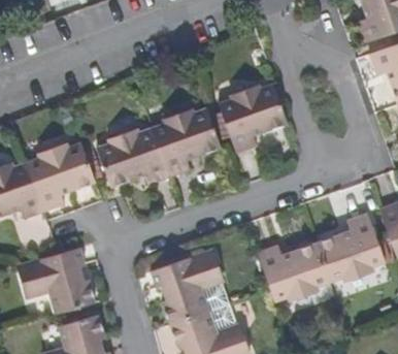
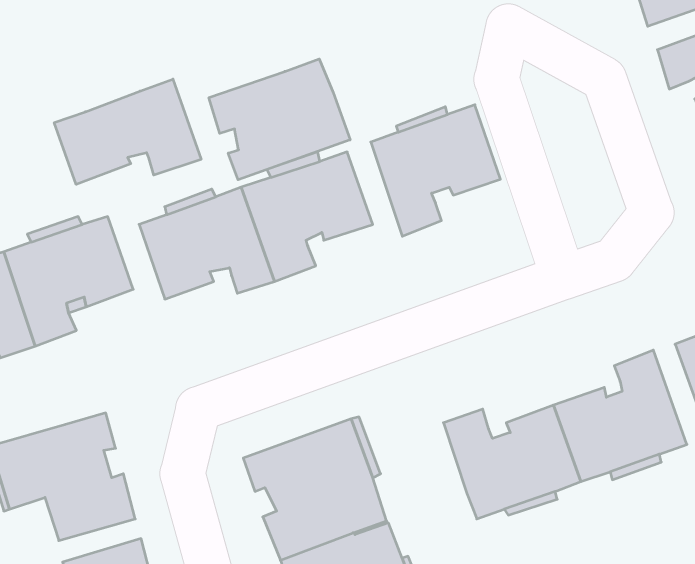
building: none -> [209,59,350,180]
building: none -> [54,79,201,184]

